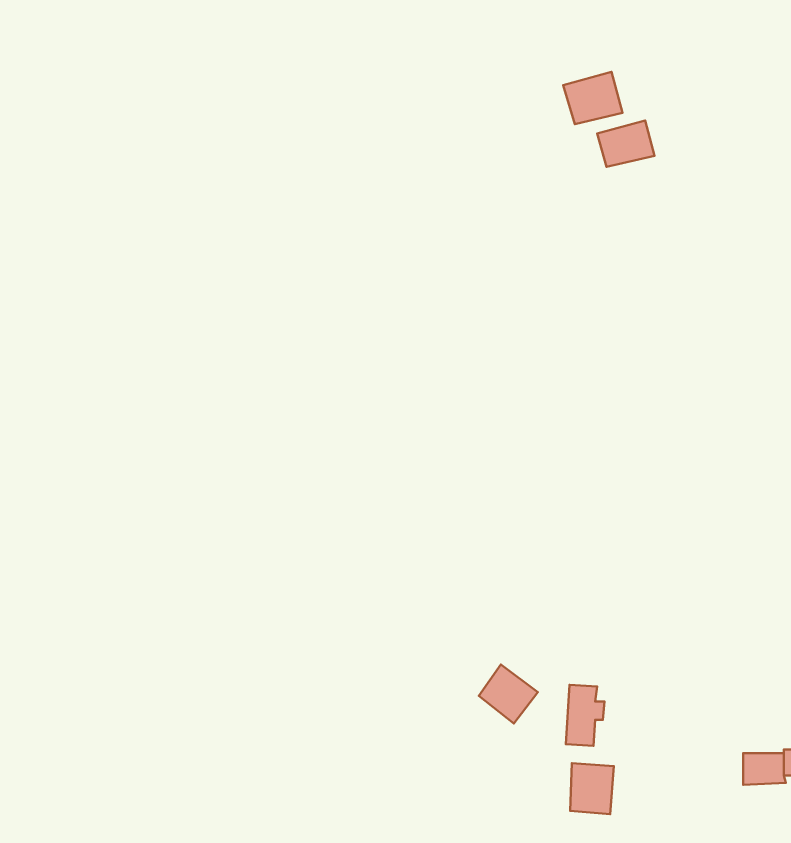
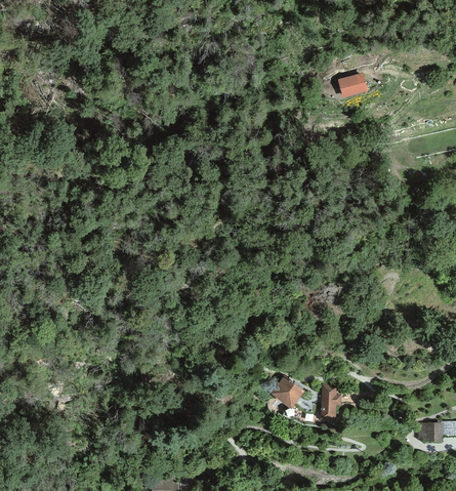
building: [563,72,622,124] -> none
building: [570,763,614,814] -> none

